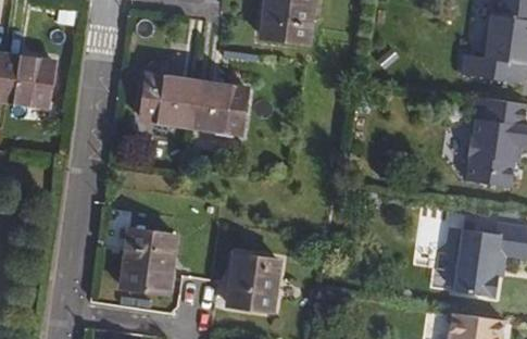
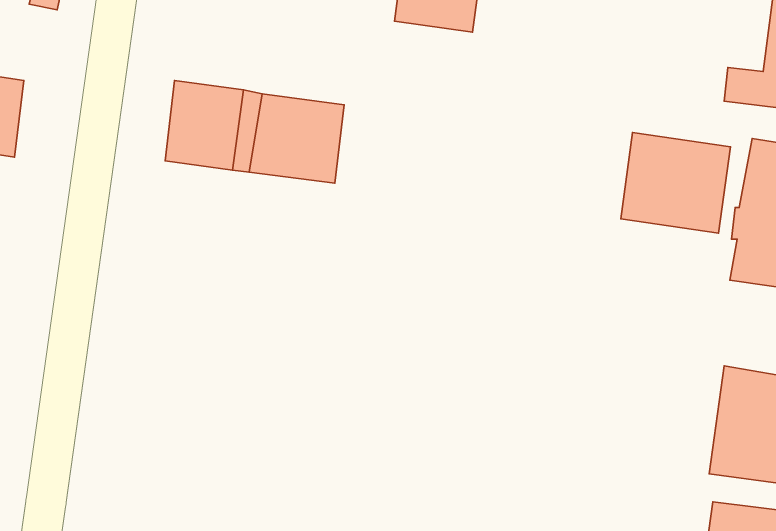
building: none -> [621,133,730,233]
building: [122,236,175,300] -> none
building: [228,260,280,317] -> none

